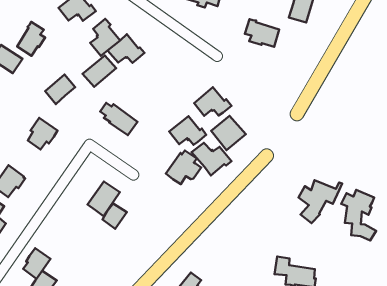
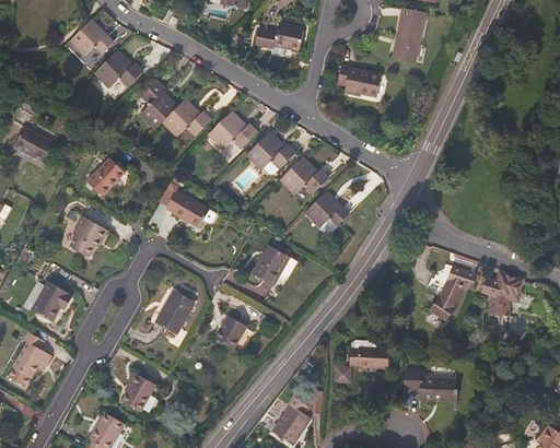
building: [17,22,45,56] -> none
building: none -> [208,110,256,148]
building: [83,55,116,87] -> none
building: [169,116,206,145] -> [246,131,294,168]
building: [192,143,231,175] -> none
building: [102,203,127,229] -> [215,315,246,347]
building: none -> [334,340,388,381]
building: [23,248,50,279] -> [121,372,155,411]

